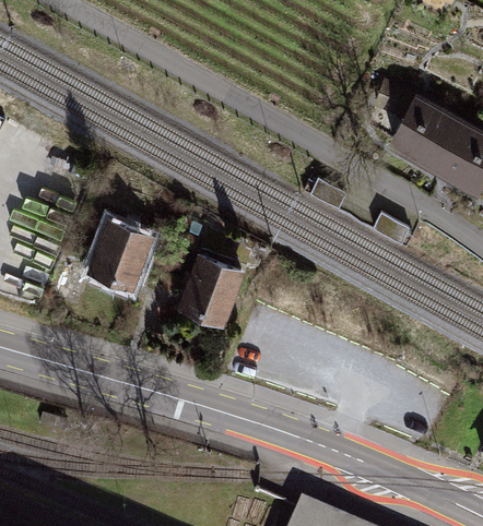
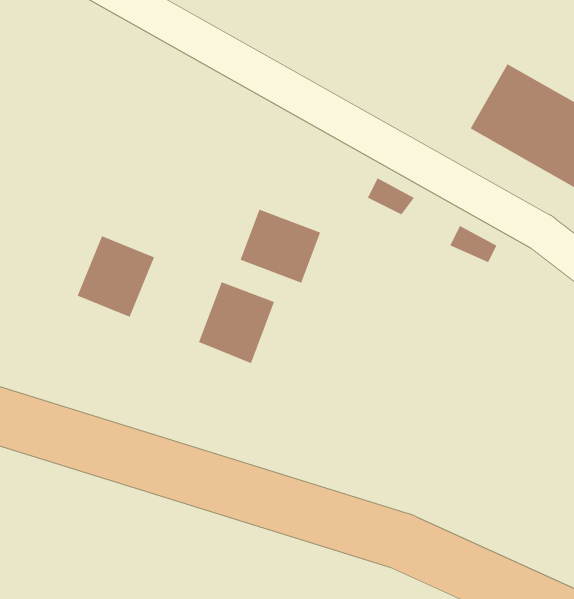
building: none -> [240,209,321,284]

